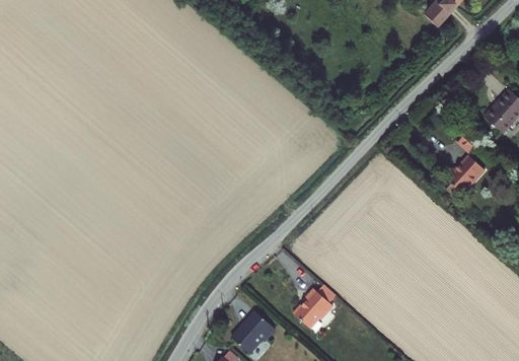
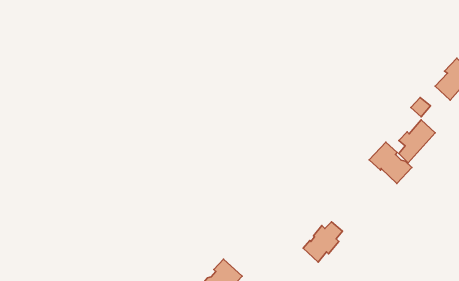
building: none -> [369,142,412,183]
building: [292,281,335,324] -> [303,222,343,262]

